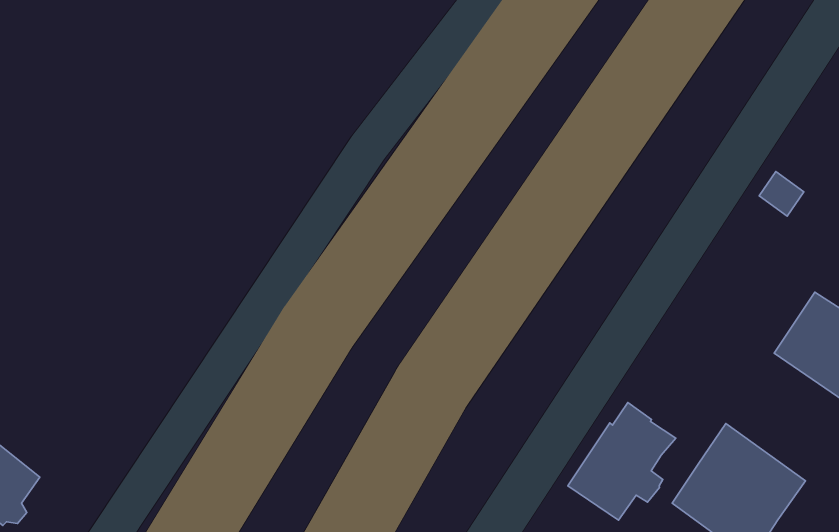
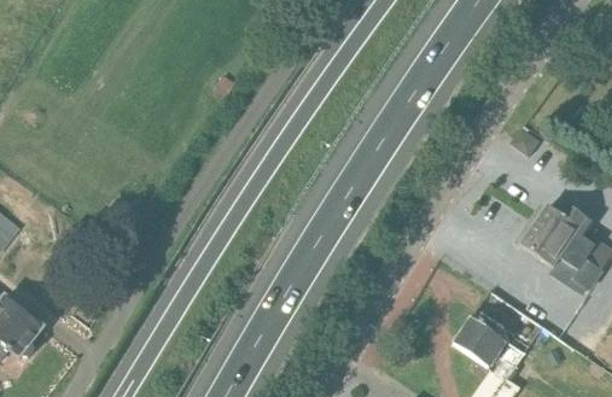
building: [568,402,676,520] -> none

